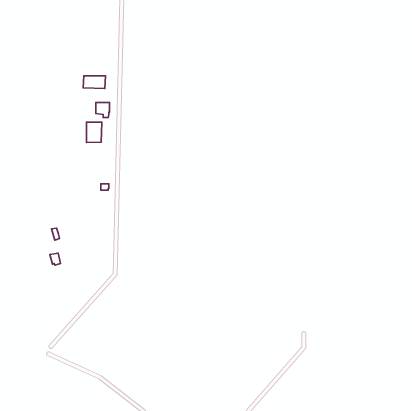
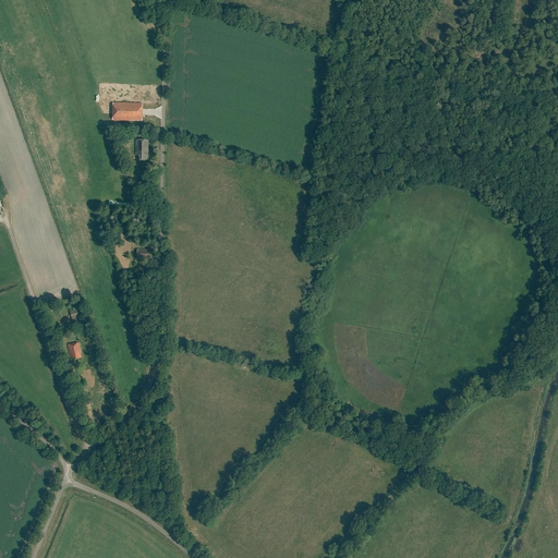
building: [86,122,102,142] -> none

